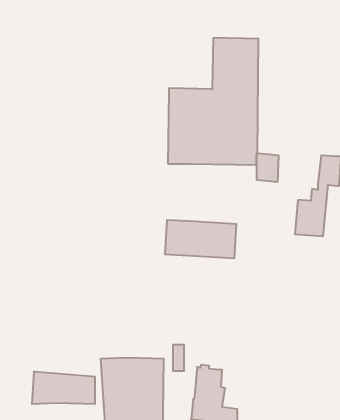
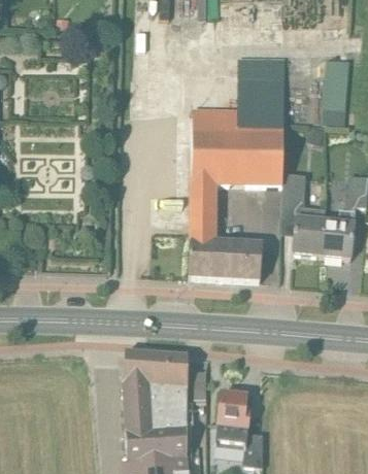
building: none -> [325,56,349,120]
building: none -> [190,183,213,242]
building: none -> [292,205,326,256]
building: [32,372,95,404] -> [122,350,187,383]

